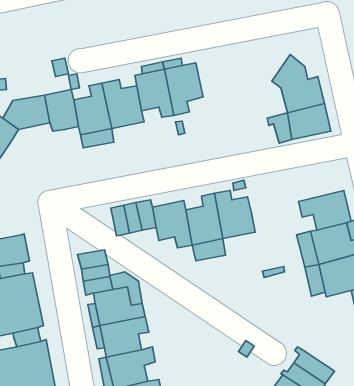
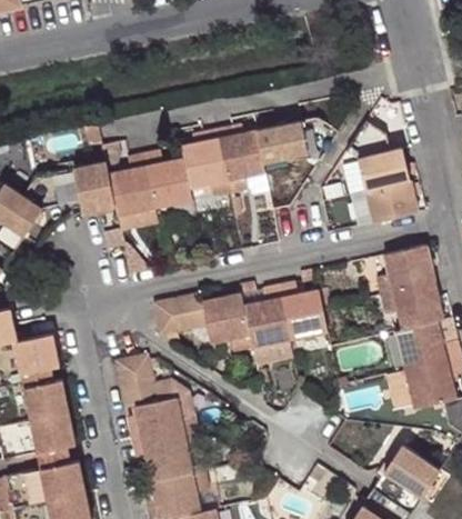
building: none -> [258,116,342,161]
building: none -> [378,246,435,296]
building: none -> [384,445,442,499]

